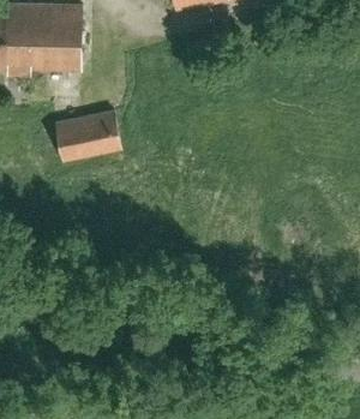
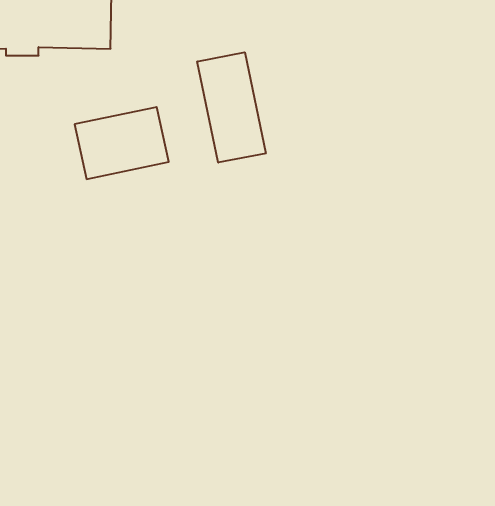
building: none -> [197,52,266,163]

